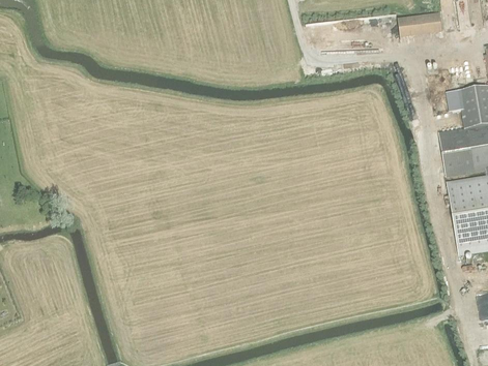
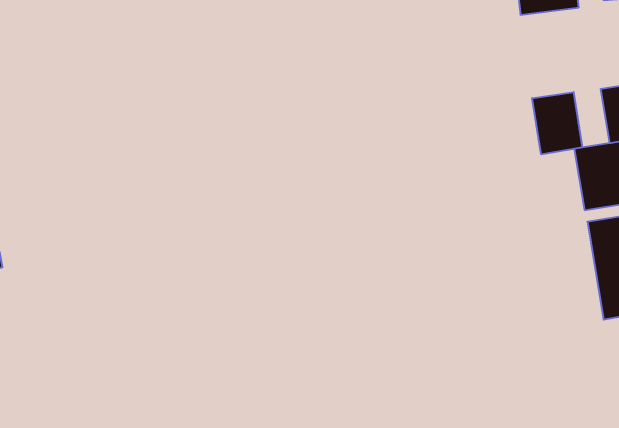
building: none -> [532,92,582,154]

